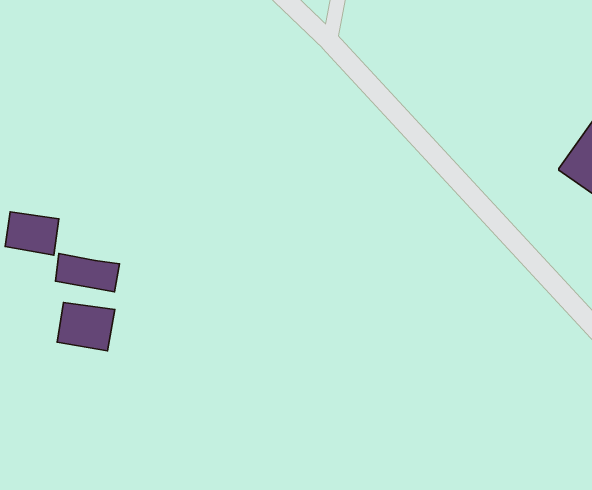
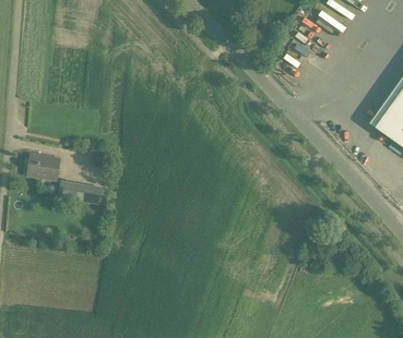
building: [57,303,115,351] -> none

